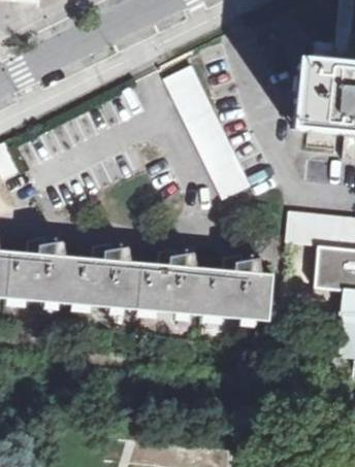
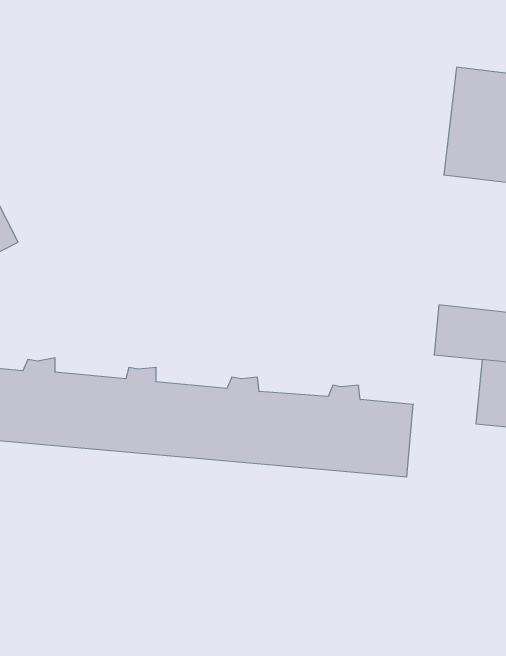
building: [165,66,252,199] -> none

